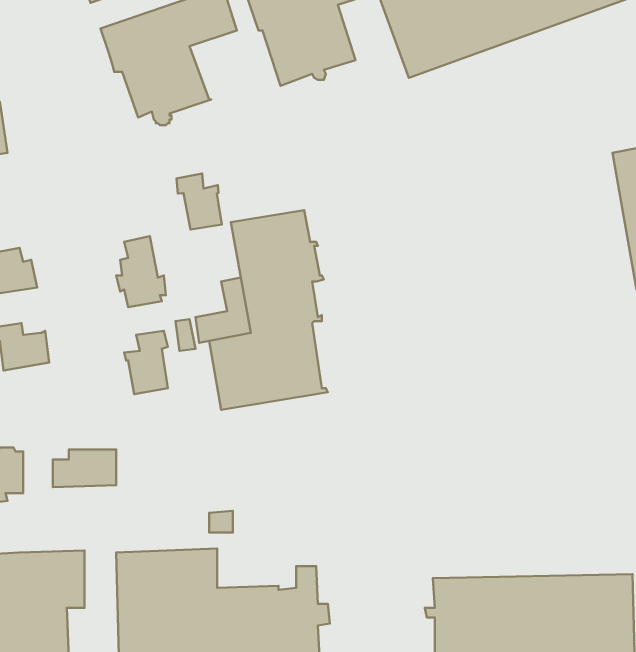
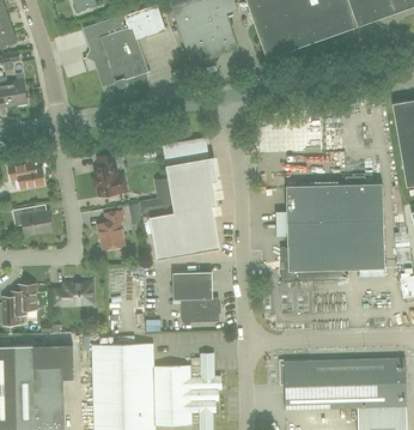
building: [177,173,222,230] -> none
building: none -> [280,176,384,281]
building: none -> [172,272,219,322]

